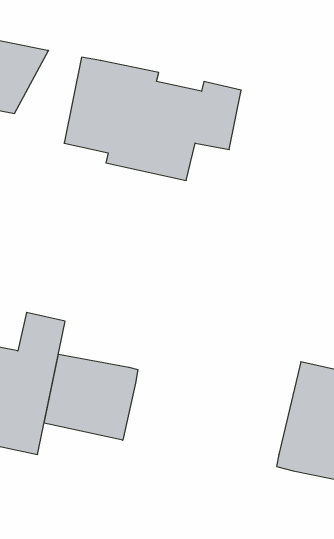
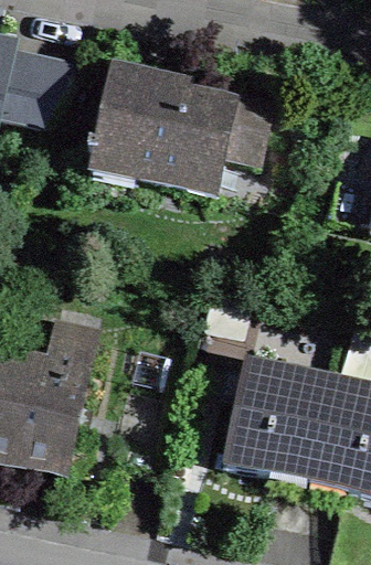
building: none -> [222,359,330,473]
building: [44,354,138,440] -> none

